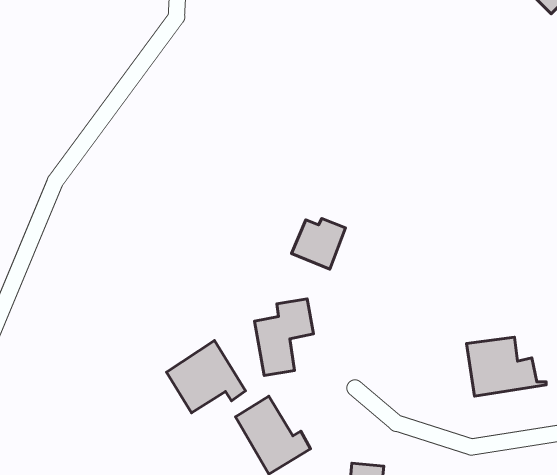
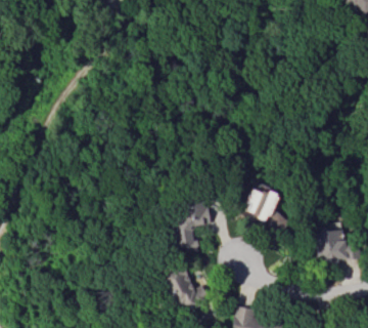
building: [291,218,346,269] -> [242,189,277,221]
building: [166,341,245,413] -> none

